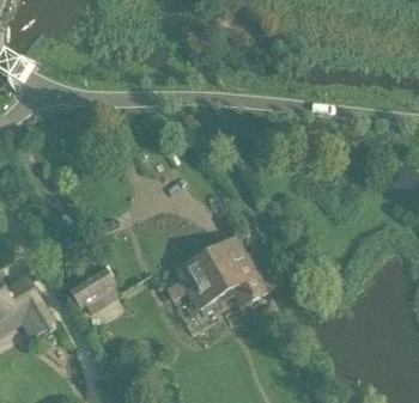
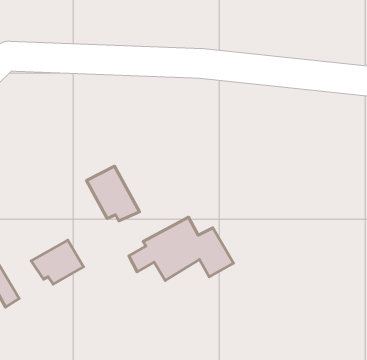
building: none -> [86,166,139,221]

